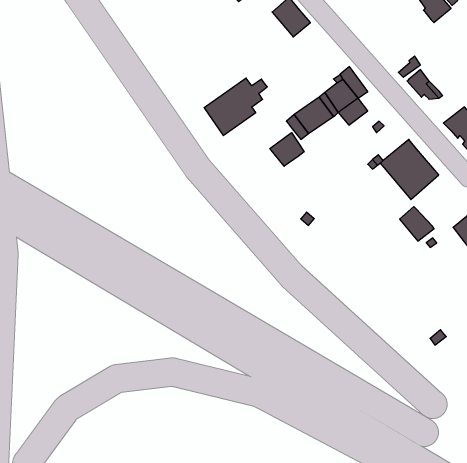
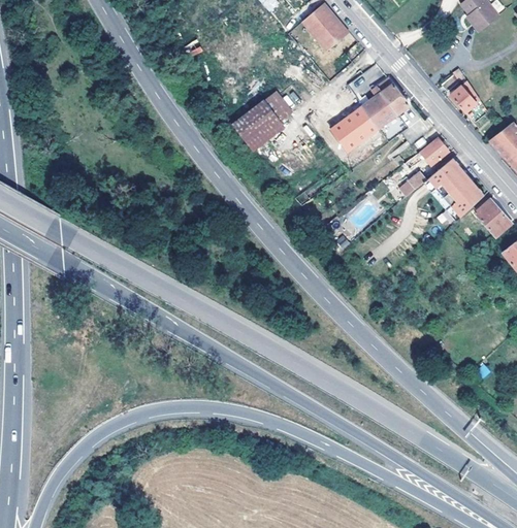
building: none -> [408,137,447,164]
building: [270,133,304,166] -> none
building: [400,207,434,241] -> [474,199,511,236]

